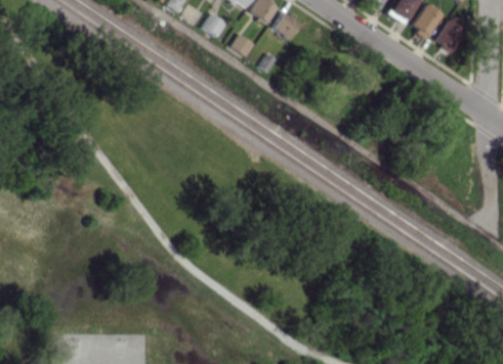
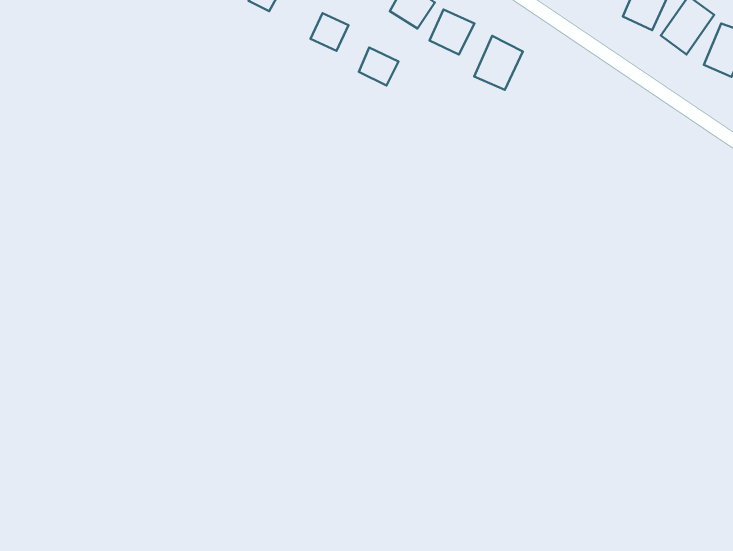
building: none -> [474,36,523,90]

